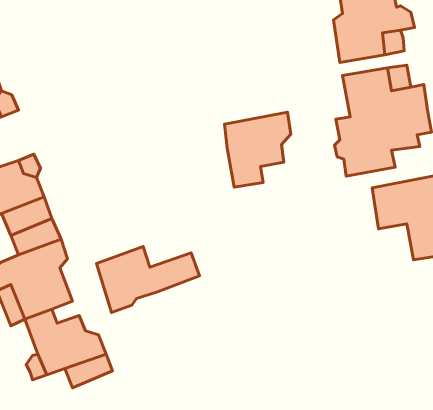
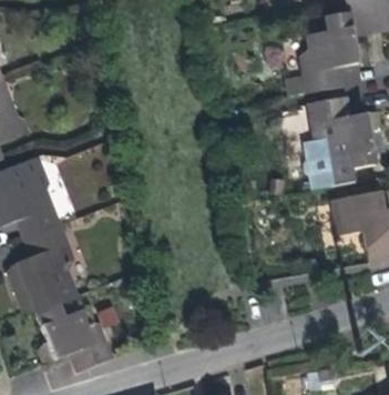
building: [225,112,291,187] -> none
building: [97,246,199,313] -> none

